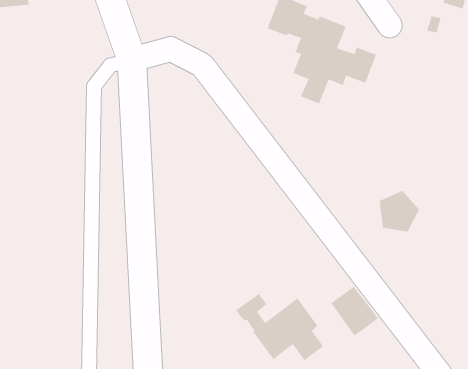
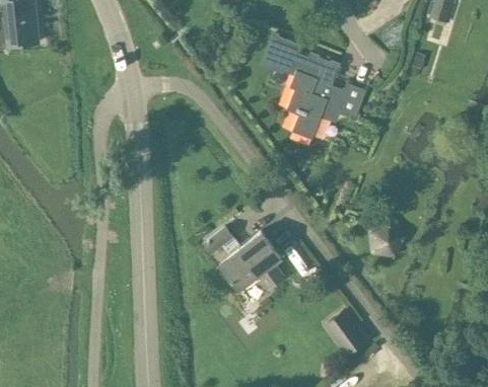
building: [235,293,324,361] -> [202,227,285,291]

